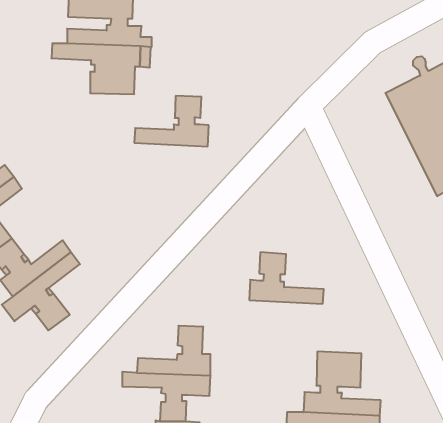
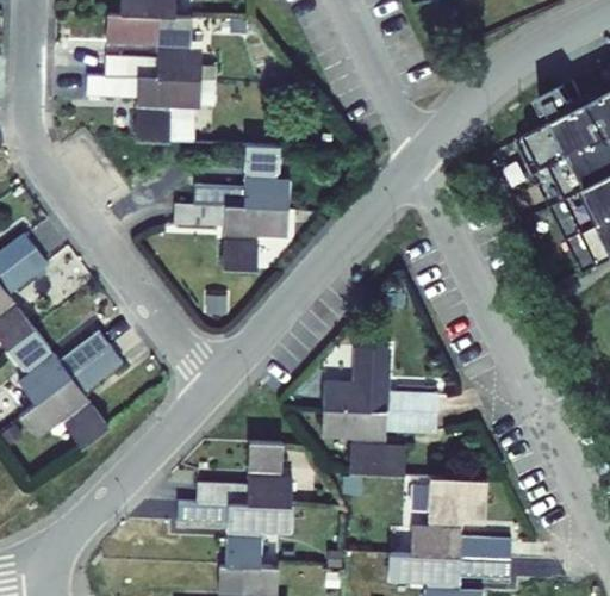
building: none -> [173,203,287,269]
building: none -> [320,406,436,473]

